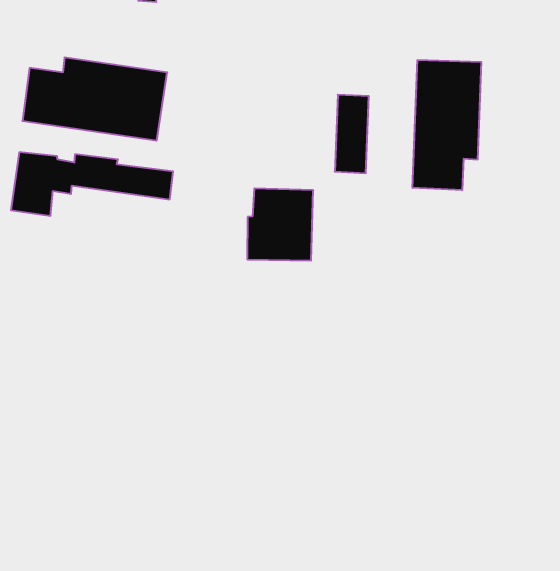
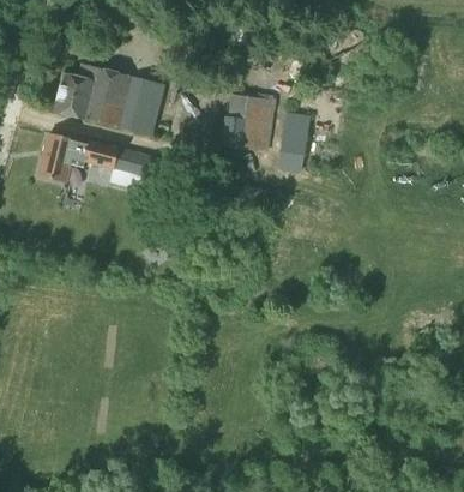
building: [413,60,481,190] -> none
building: [247,188,313,261] -> [221,94,275,151]

